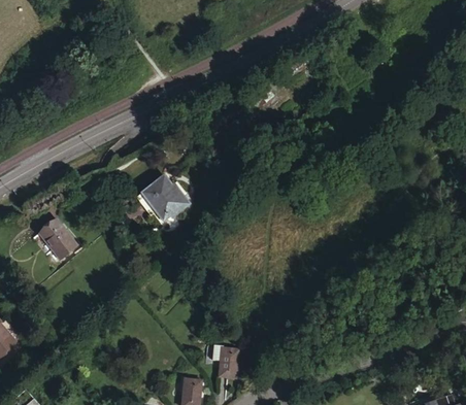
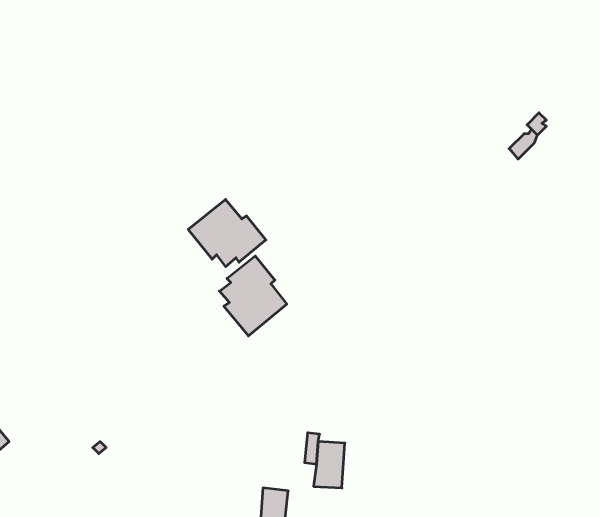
building: none -> [219,256,287,336]
building: [38,218,75,258] -> none

